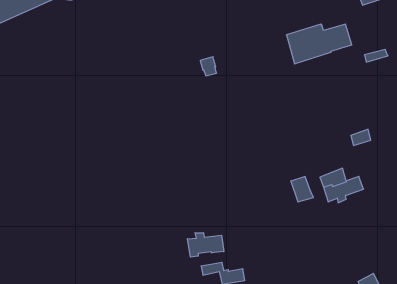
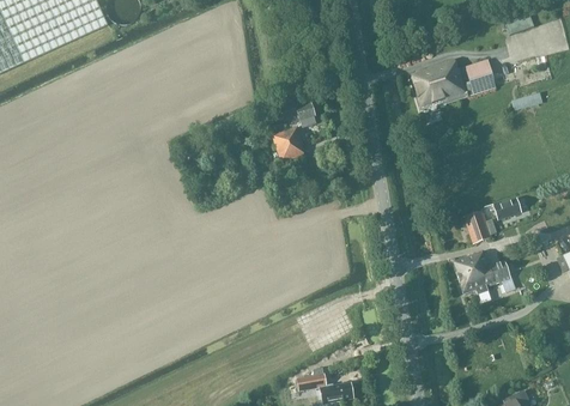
building: none -> [271,127,304,163]
building: [291,177,313,202] -> [462,210,492,243]
building: [188,233,224,257] -> none

